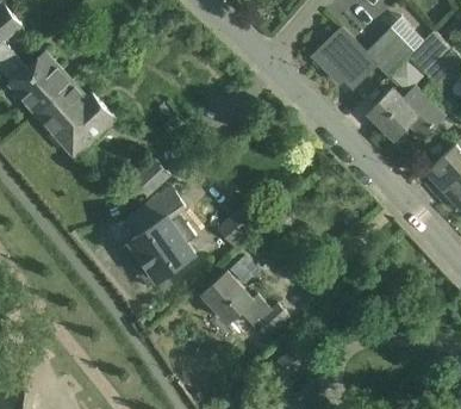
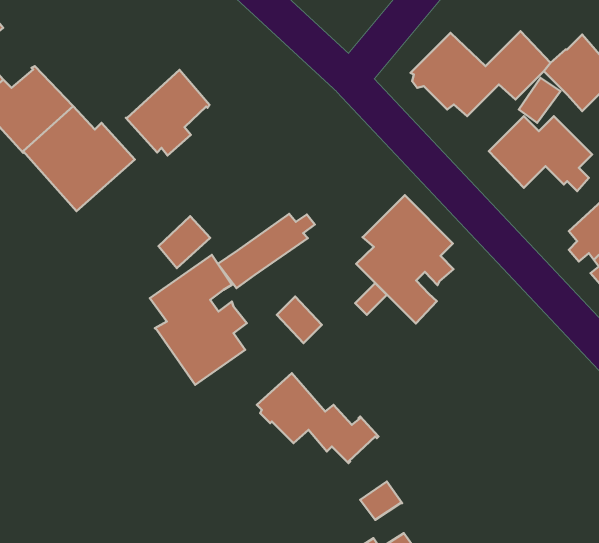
building: none -> [126,70,210,155]
building: none -> [356,195,453,324]
building: none -> [218,214,315,288]

